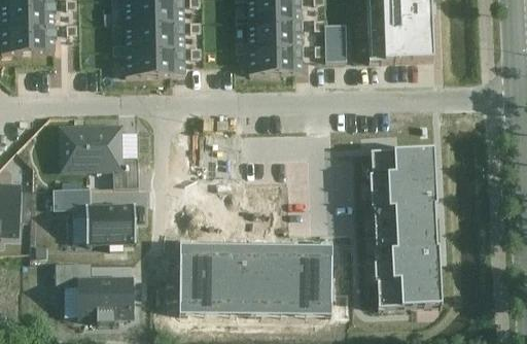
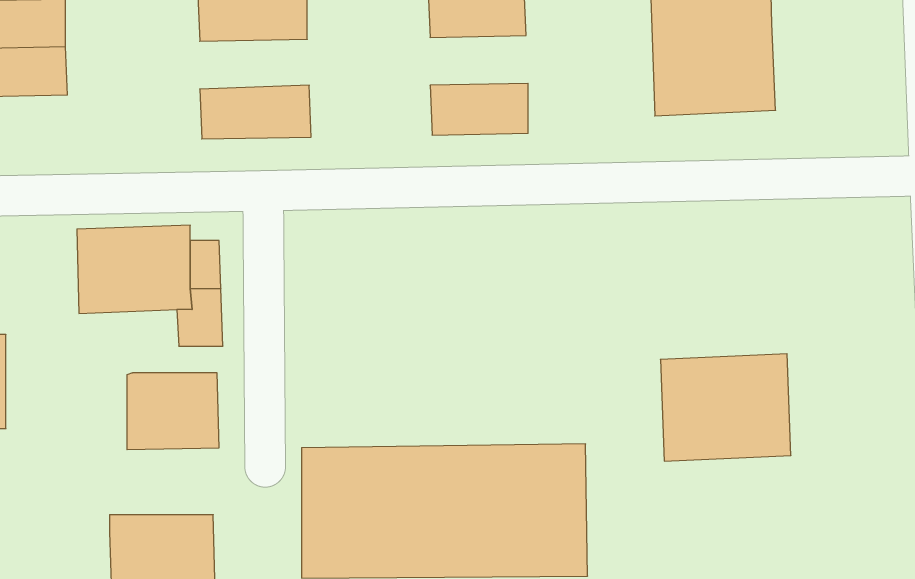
building: [247,22,300,48] -> none
building: [124,24,182,50] -> none
building: [323,25,344,63] -> none
building: [368,139,438,196] -> none
building: [50,188,87,209] -> none
building: [373,247,444,305] -> none
building: [55,266,90,288] -> none

